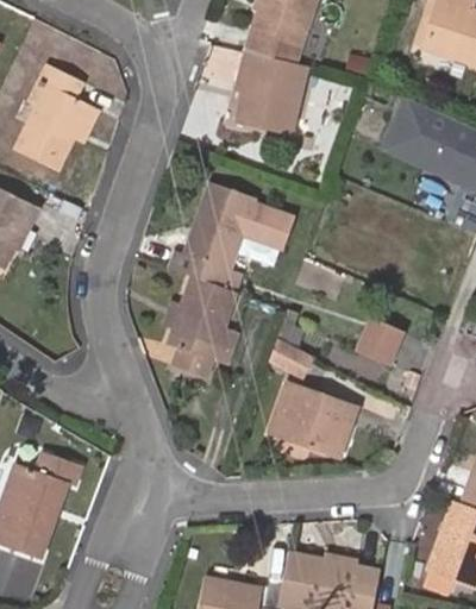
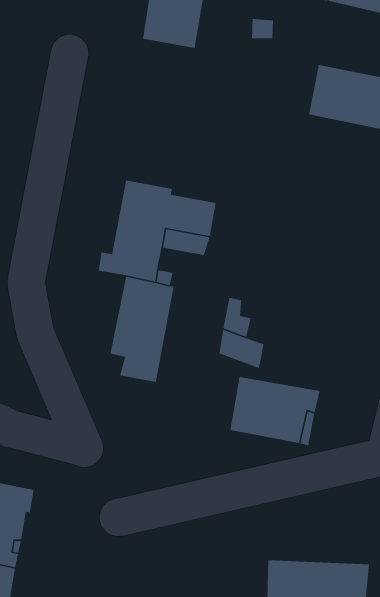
building: [227,57,303,146] -> none
building: [357,319,405,368] -> none

